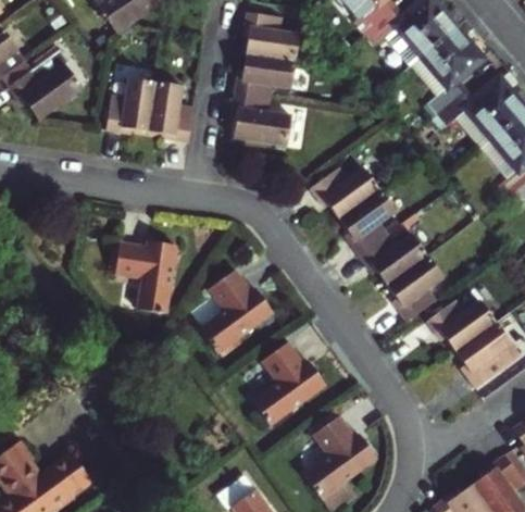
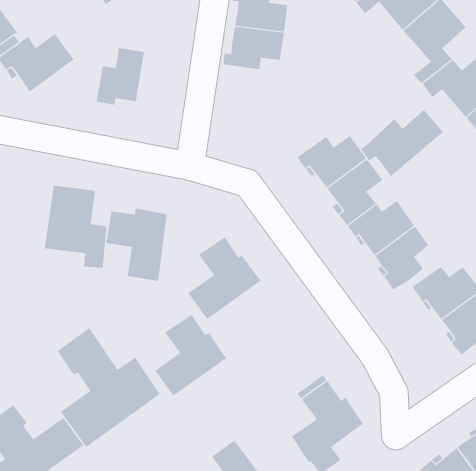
building: [147,80,195,145] -> none
building: [233,93,293,147] -> none
building: none -> [360,109,444,177]
building: none -> [44,185,107,269]
building: [252,341,326,425] -> [155,314,227,397]
building: none -> [57,327,161,448]

